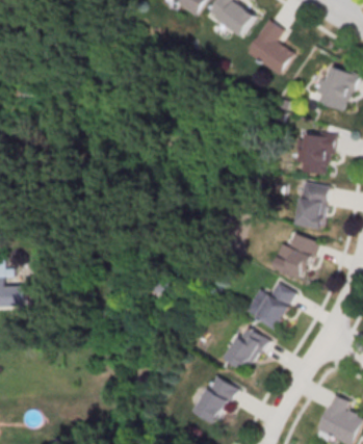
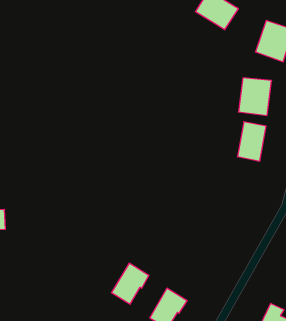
building: [270,234,316,281] -> none
building: [244,283,292,329] -> none
building: [223,323,266,371] -> [111,263,149,304]

